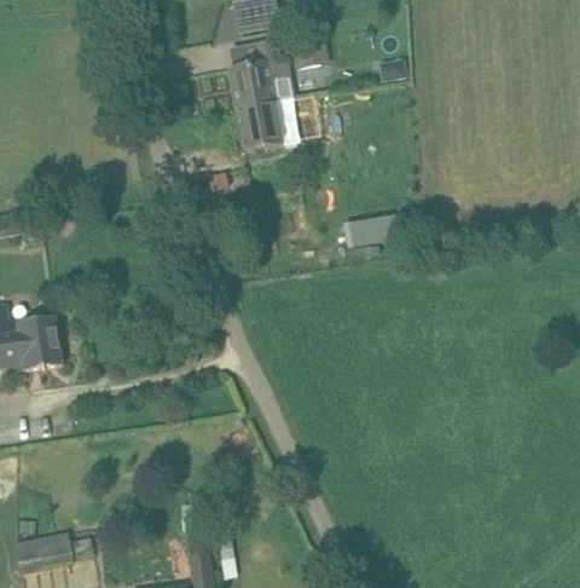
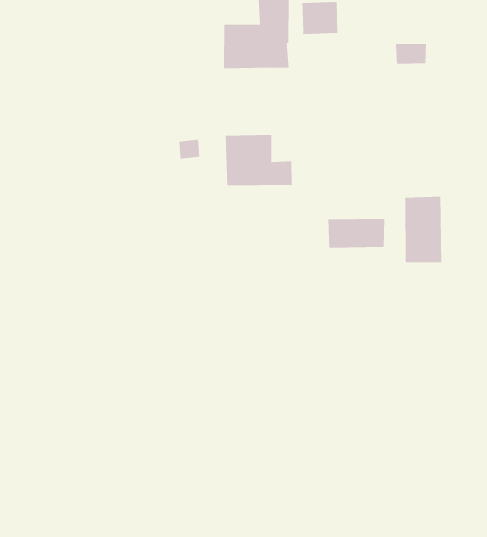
building: [236,102,300,151] -> [225,135,293,186]
building: none -> [405,196,442,263]

